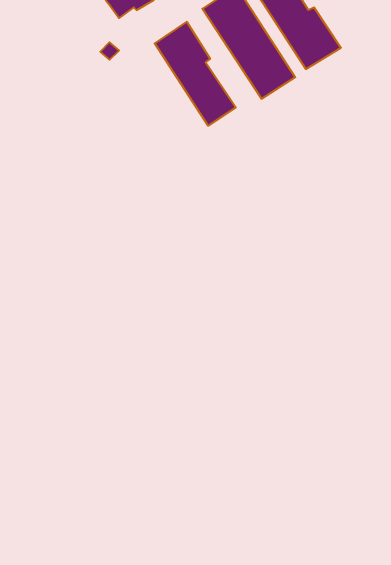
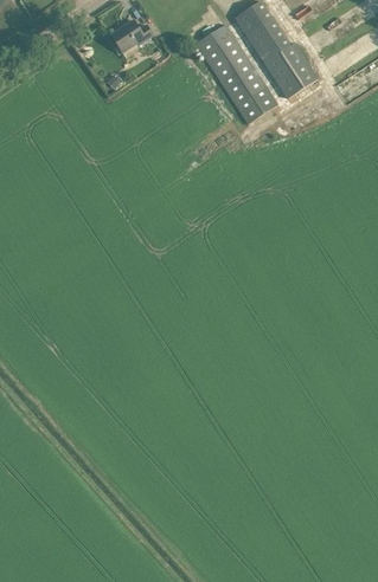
building: [155,22,236,126] -> none

